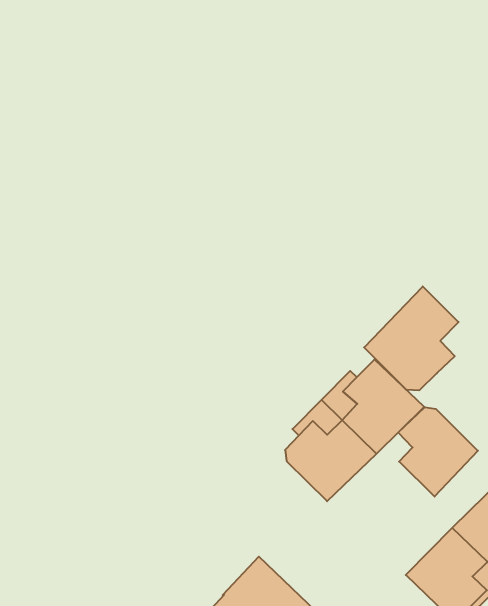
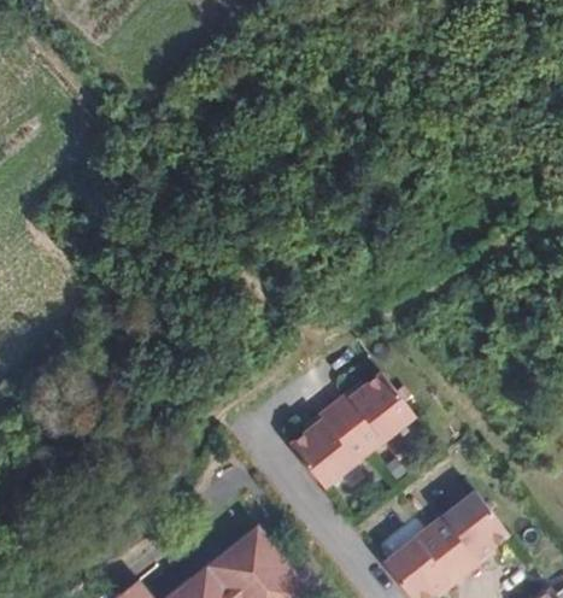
building: [364,286,459,390] -> none
building: [398,407,478,497] -> none

